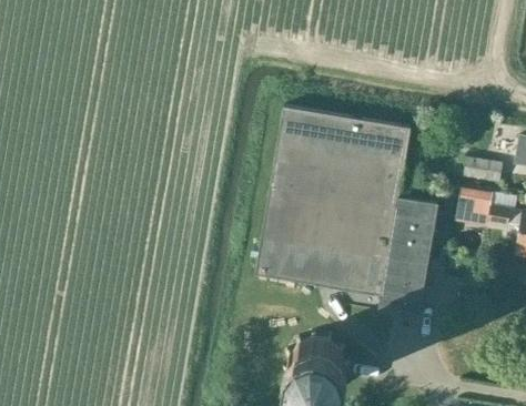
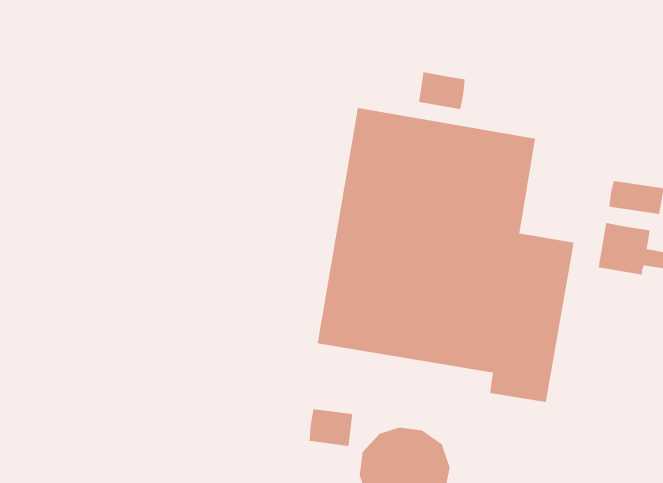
building: none -> [418,72,465,110]
building: none -> [309,408,353,447]

